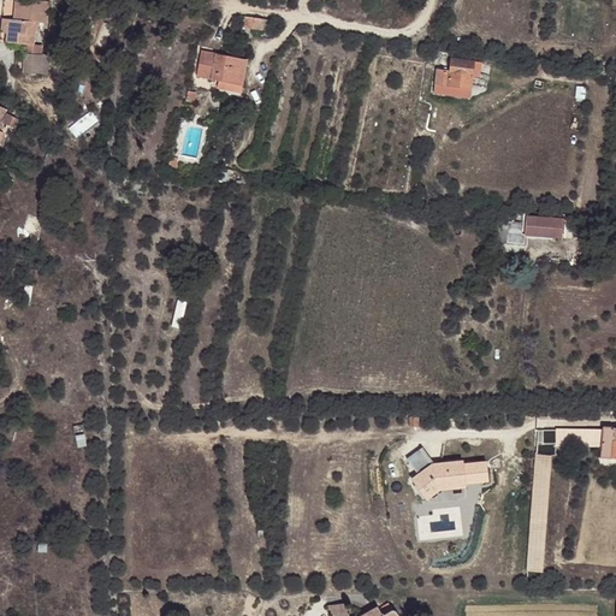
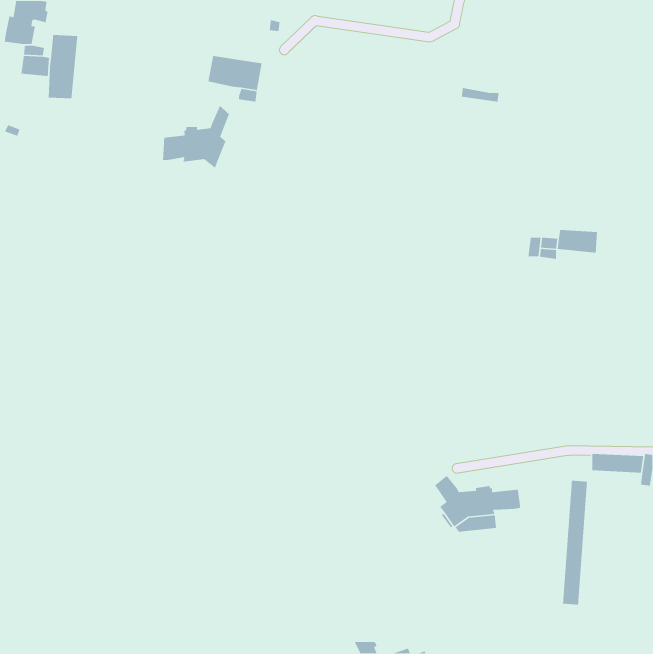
building: none -> [48,34,78,99]
building: [434,59,473,87] -> none
building: none -> [162,105,230,169]

